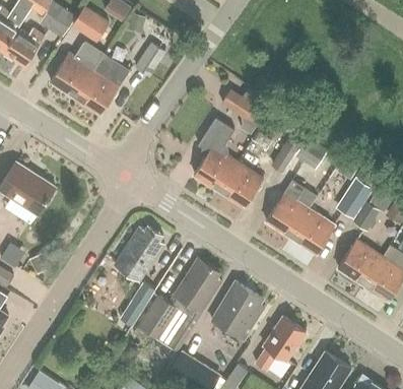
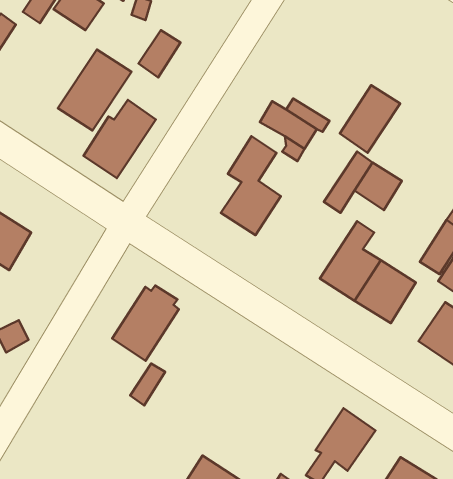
building: [51,41,104,98] -> [83,100,156,178]
building: none -> [340,85,400,153]
building: [219,161,264,207] -> none
building: [138,262,221,351] -> none
building: [211,281,265,341] -> none

